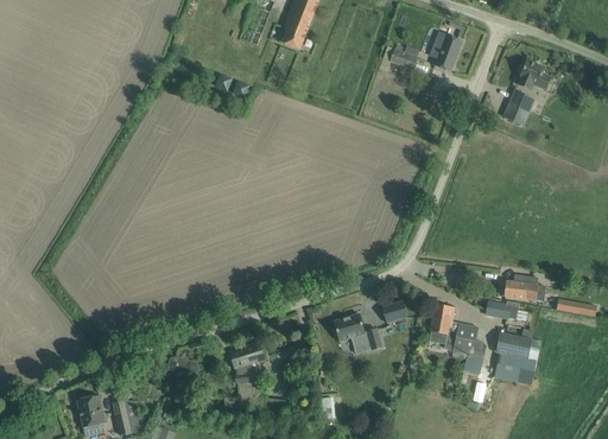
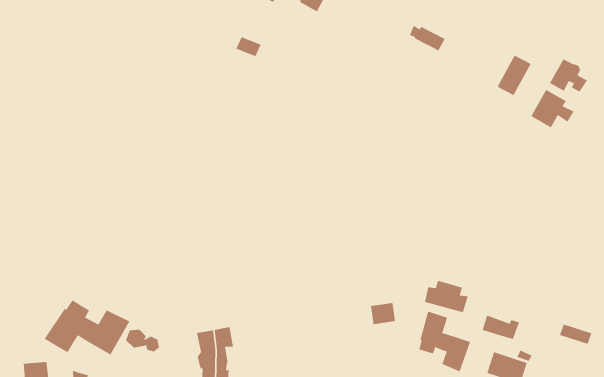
building: [432,34,461,71] -> [497,55,532,96]
building: [504,274,543,300] -> [424,280,468,313]
building: [332,313,380,349] -> none
building: none -> [44,299,130,356]

